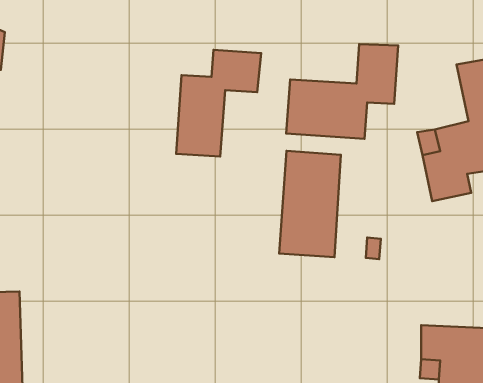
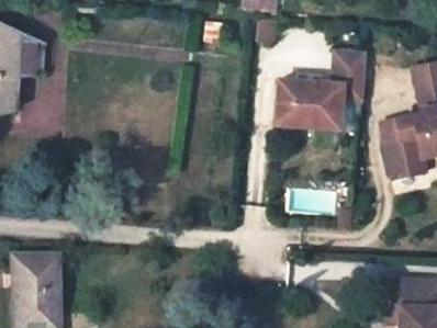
building: [176,50,261,156] -> none
building: [279,151,341,257] -> none

